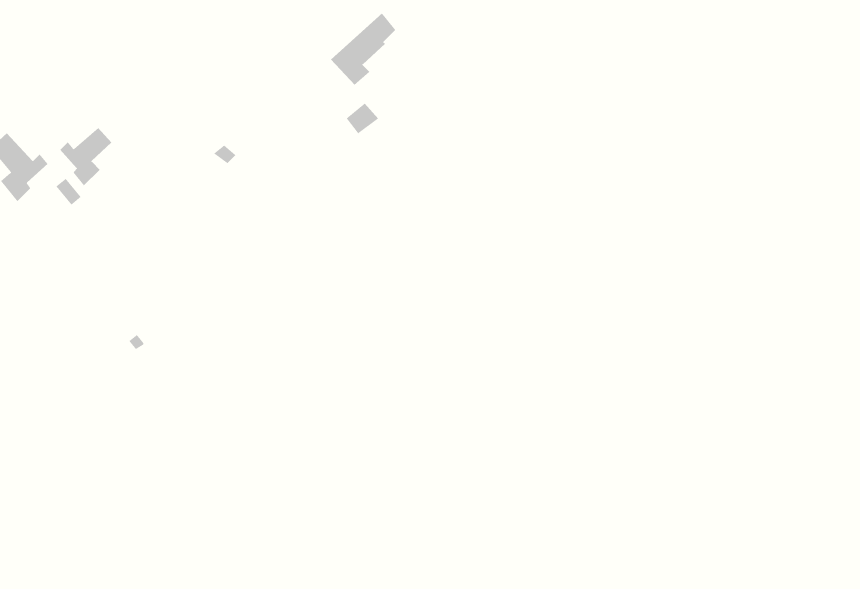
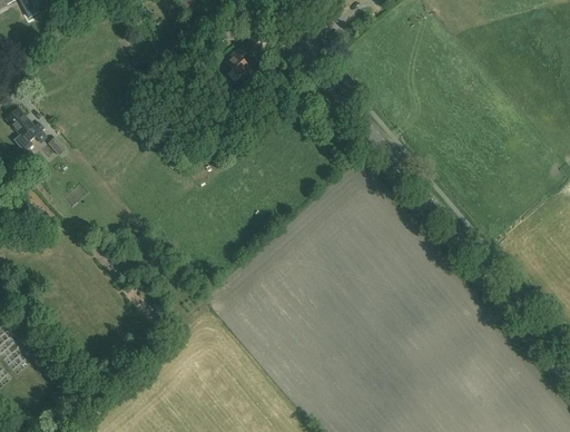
building: [60,127,112,186] -> none

